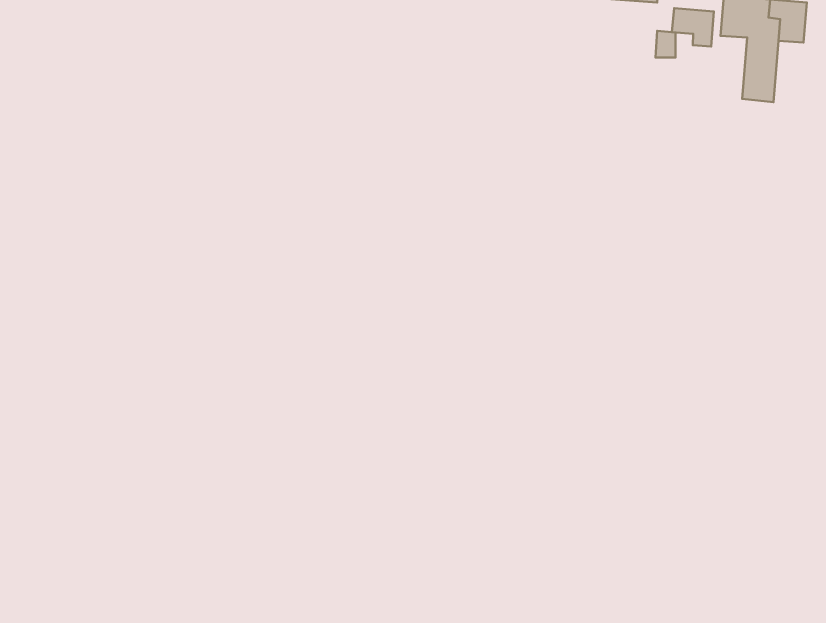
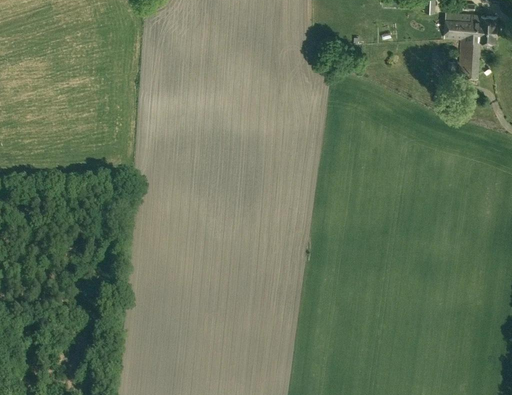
building: [672,8,714,47] -> none

